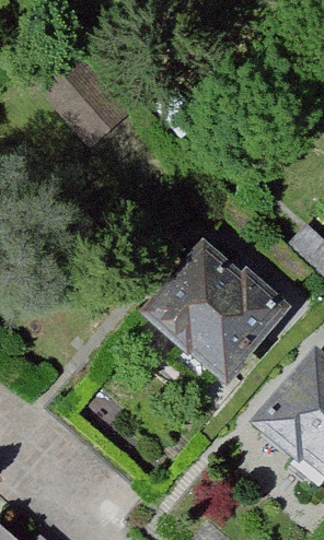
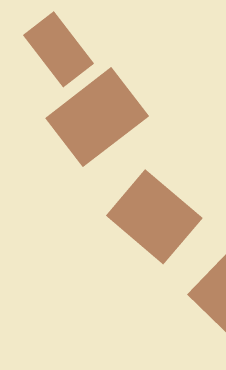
building: none -> [44,66,150,168]

